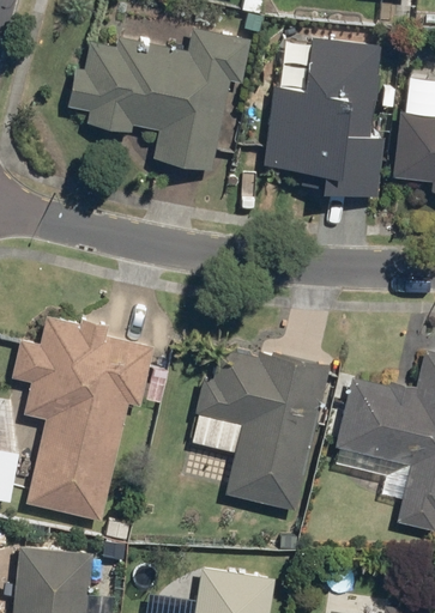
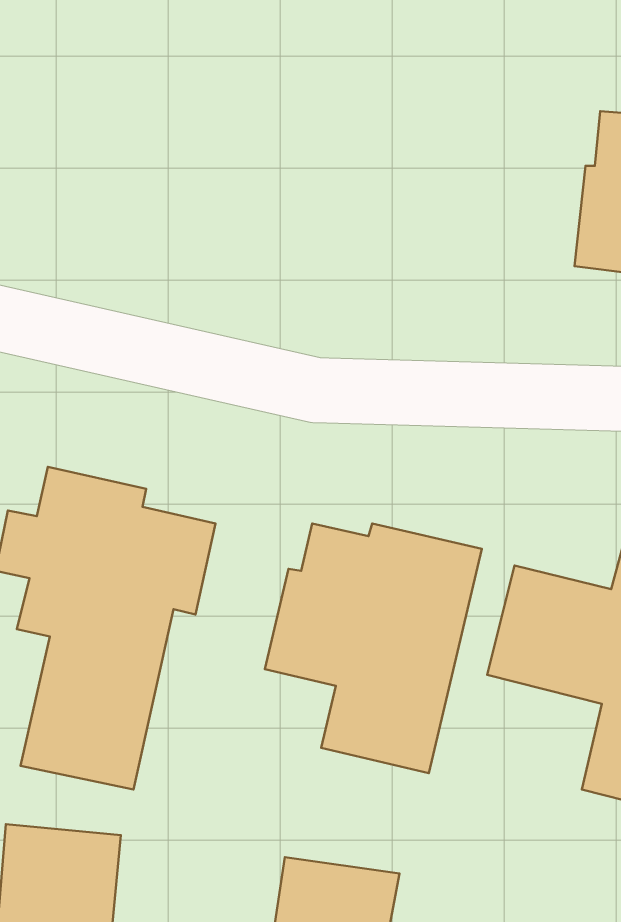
building: [66,30,252,174] -> none
building: [265,40,385,200] -> none

